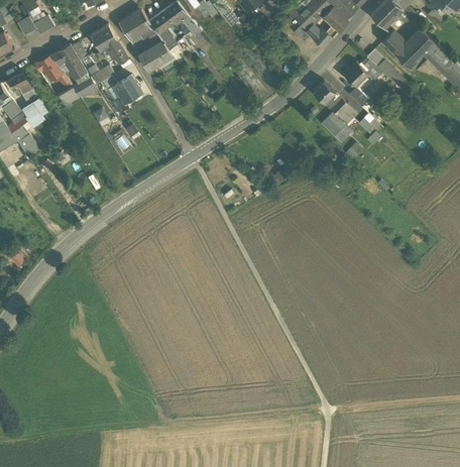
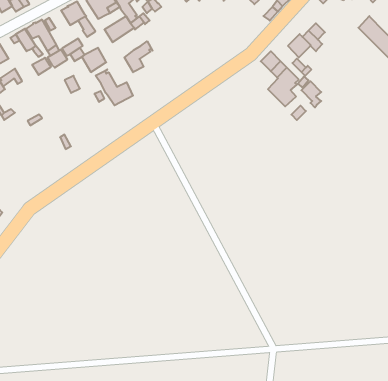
building: [381,28,434,68] -> none
building: none -> [124,41,153,72]
building: none -> [96,69,133,105]

